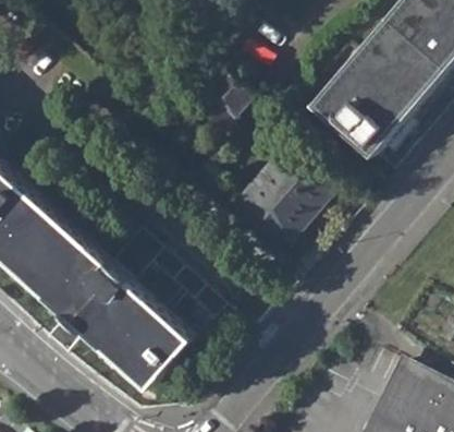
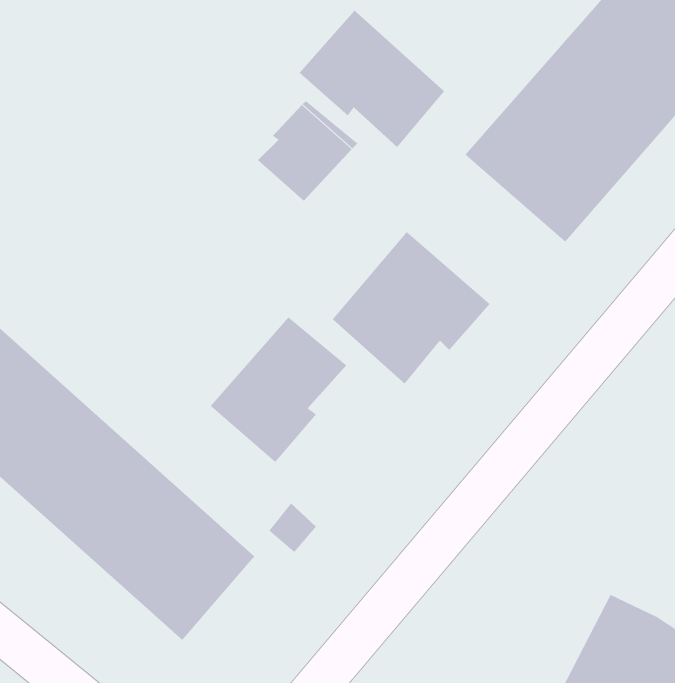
building: none -> [299,10,445,148]
building: none -> [210,316,347,463]

